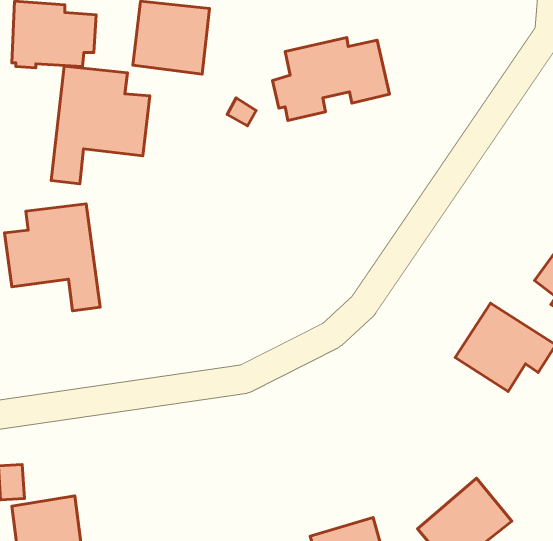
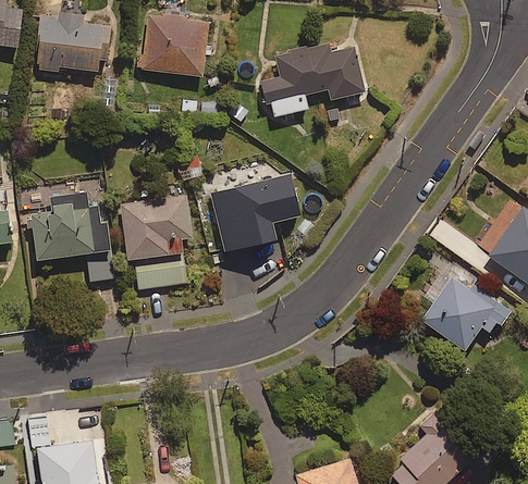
building: [51,66,150,184] -> none
building: none -> [211,175,300,253]
building: none -> [120,195,191,288]

